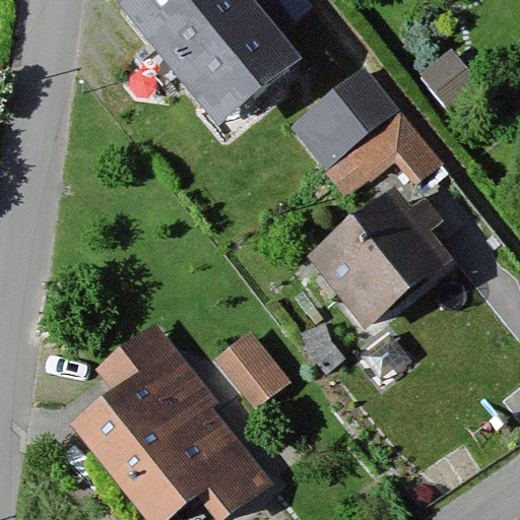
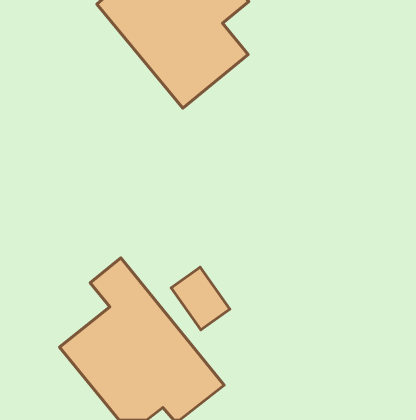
building: [273,58,441,198] -> none
building: [310,191,451,330] -> none

